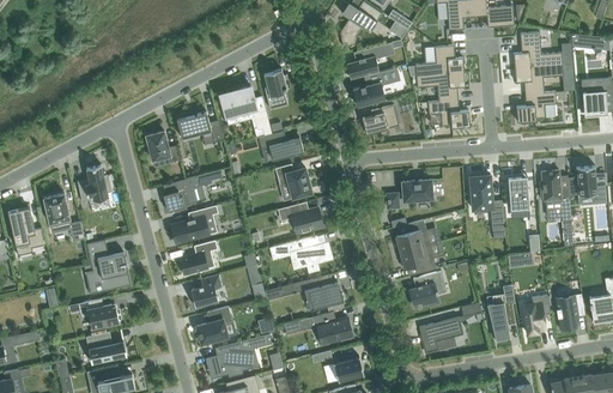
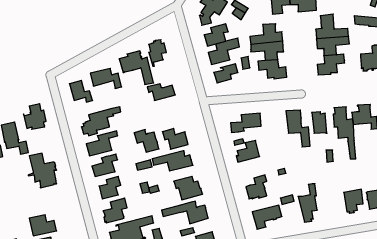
building: [274,164,311,198] -> [134,130,159,152]
building: [396,244,436,273] -> none
building: [522,295,550,334] -> none
building: [78,298,119,328] -> none

